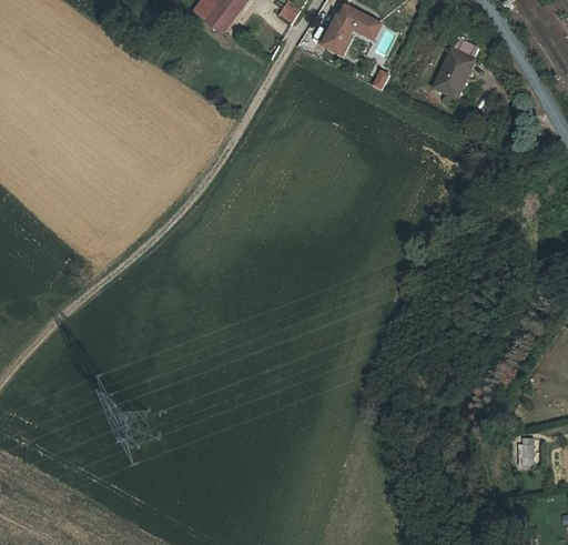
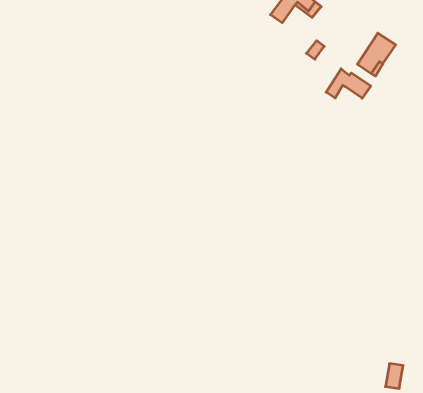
building: none -> [326,69,371,98]

